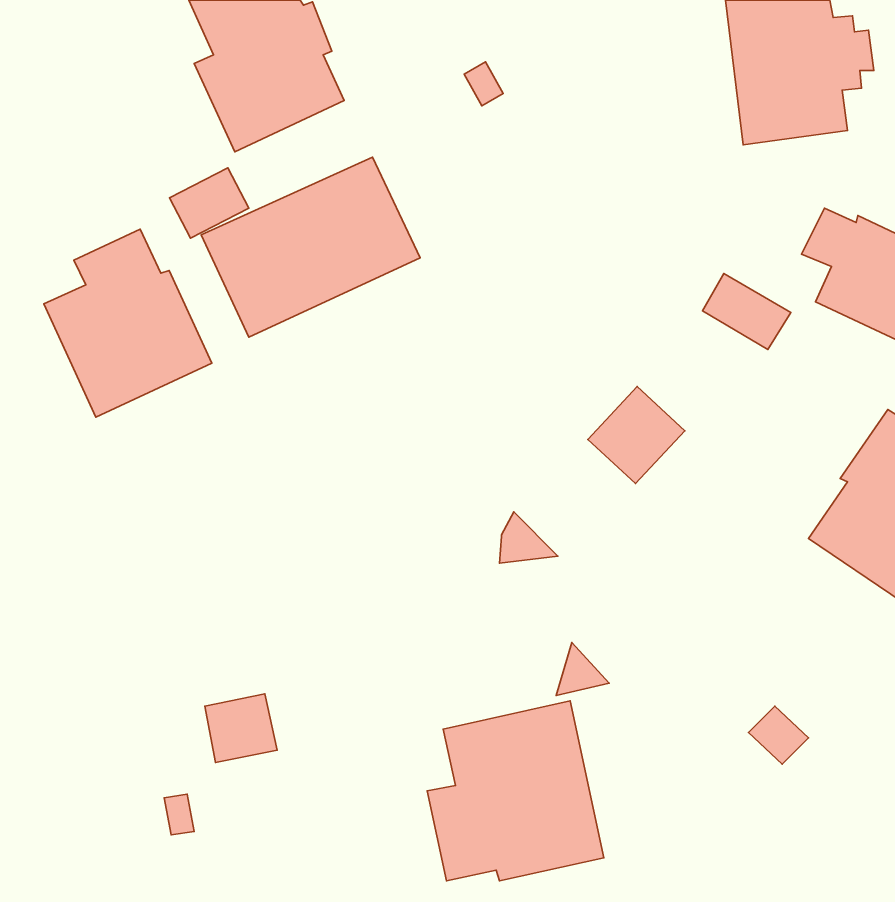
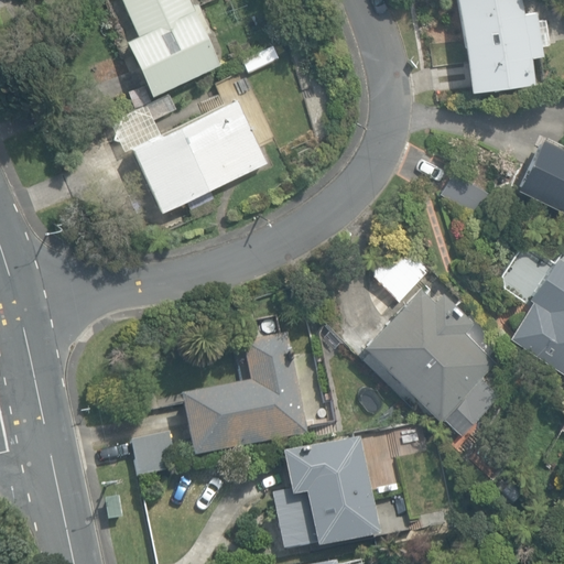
building: [44,229,212,417] -> none
building: none -> [364,285,511,435]
building: none -> [180,333,308,458]

